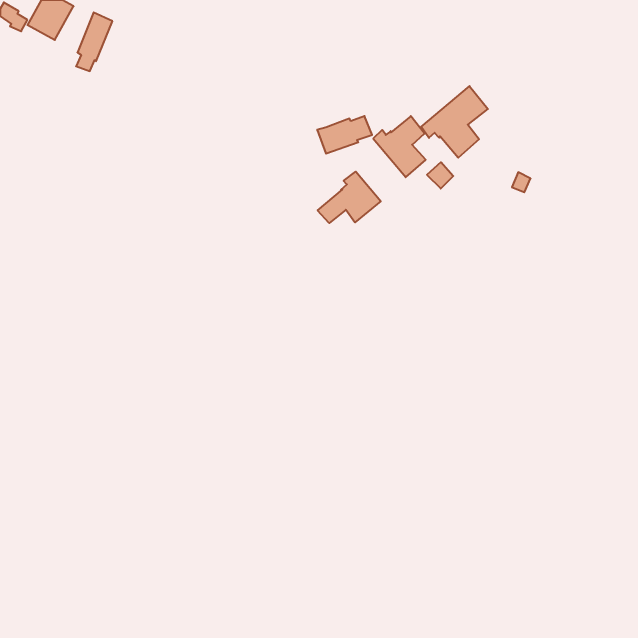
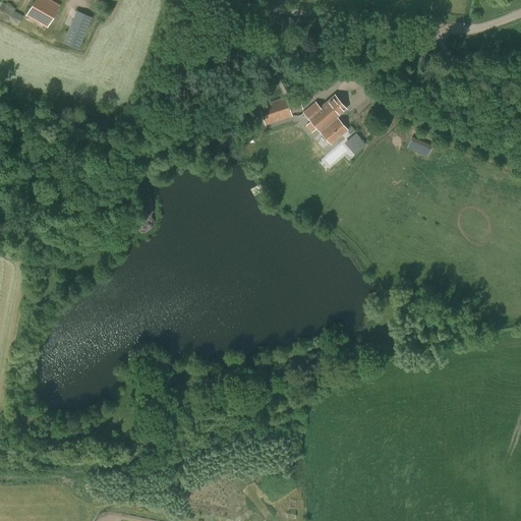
building: [421,86,488,158] -> none
building: [318,172,381,223] -> none

